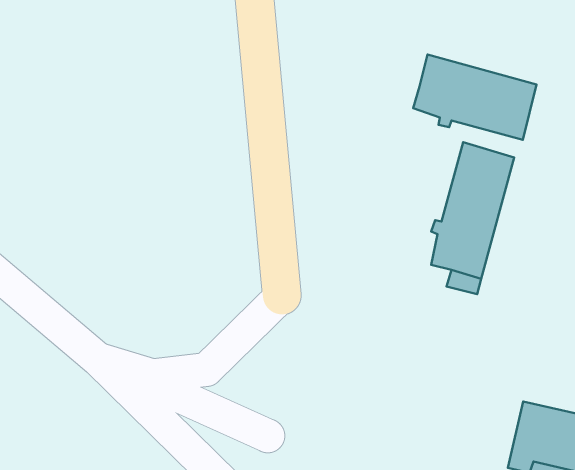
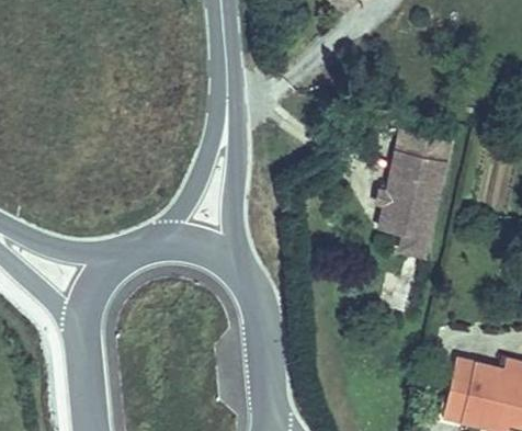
building: [413,55,537,140] -> none

